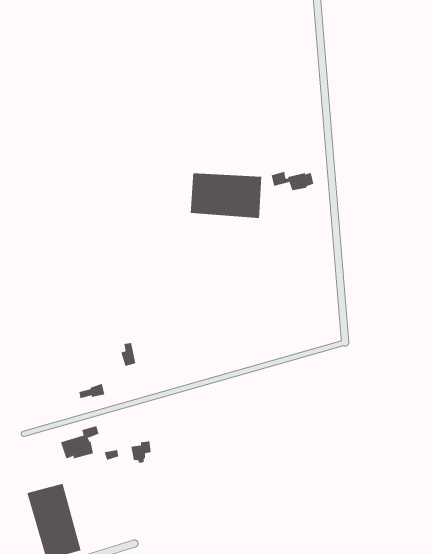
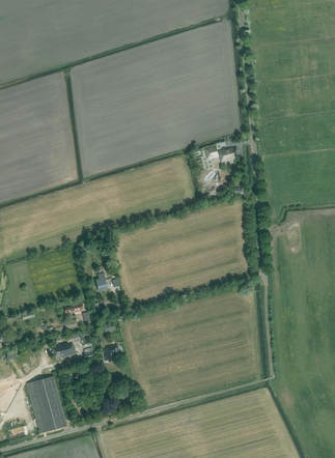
building: [190,172,262,219] -> none

